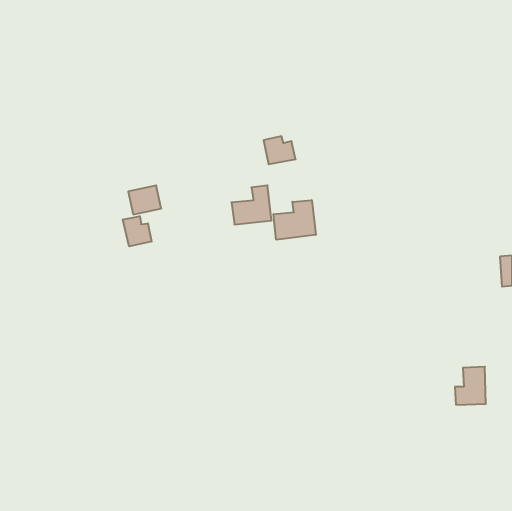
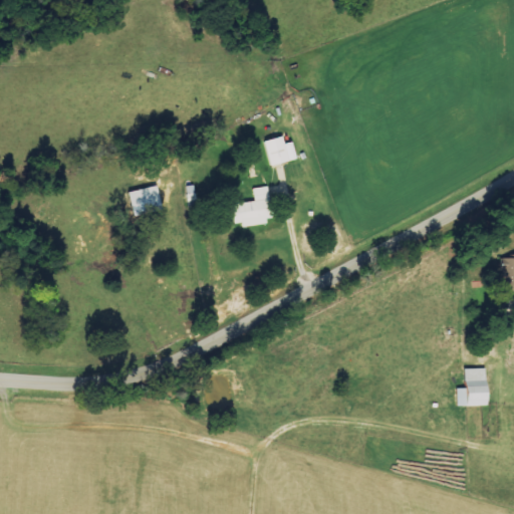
building: [274,200,316,240] -> none
building: [123,216,152,246] -> none

